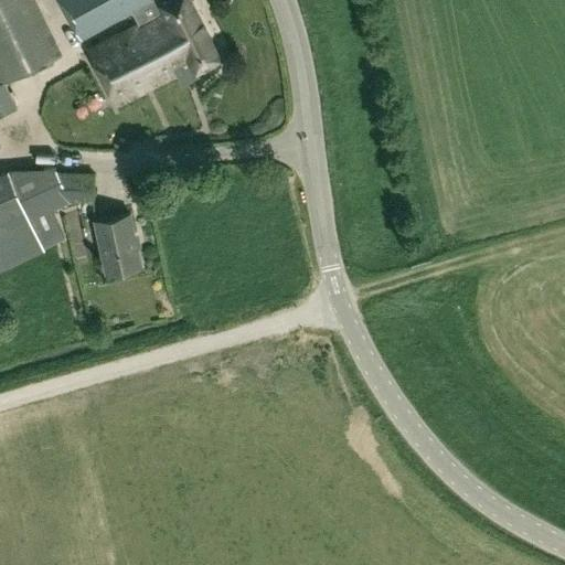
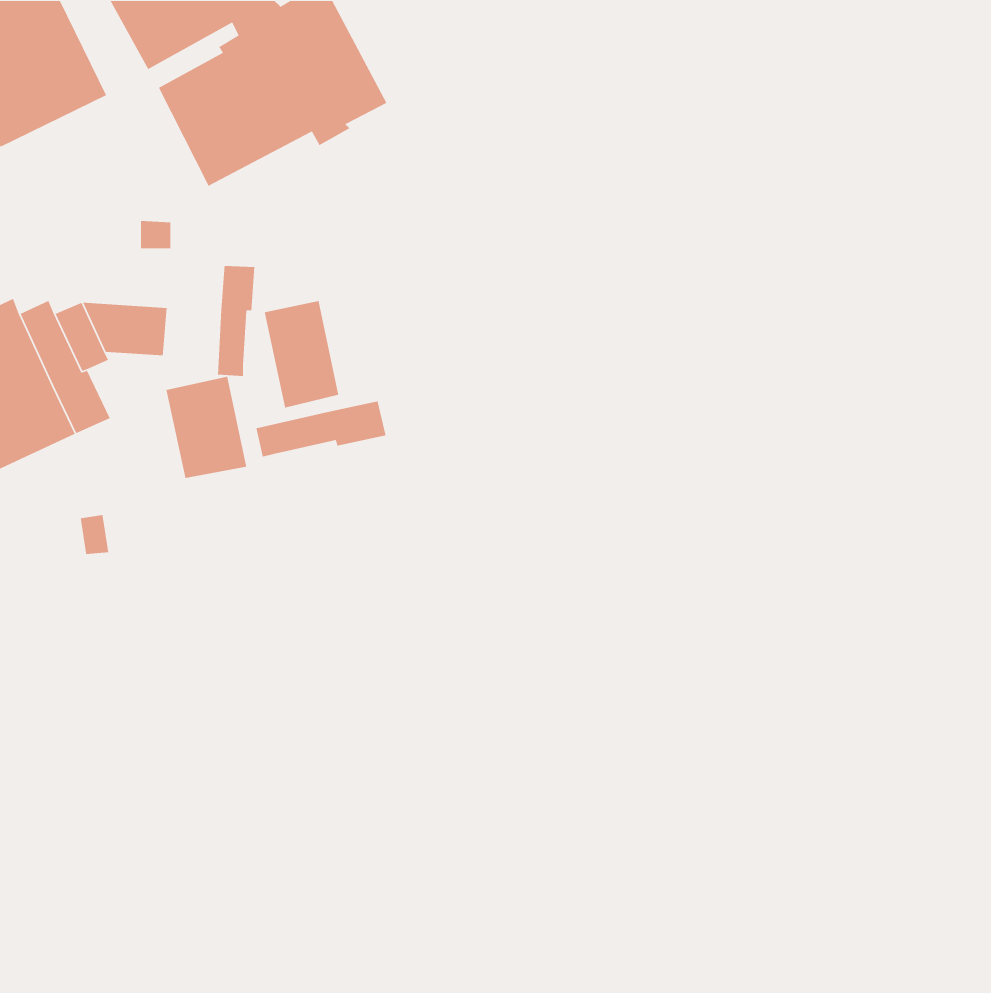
building: none -> [217,265,255,377]
building: none -> [264,300,339,409]
building: none -> [256,401,387,458]

